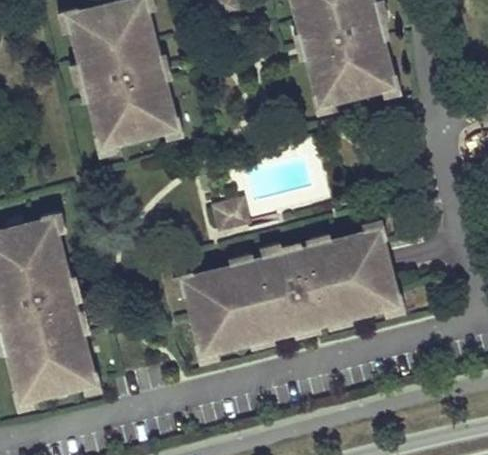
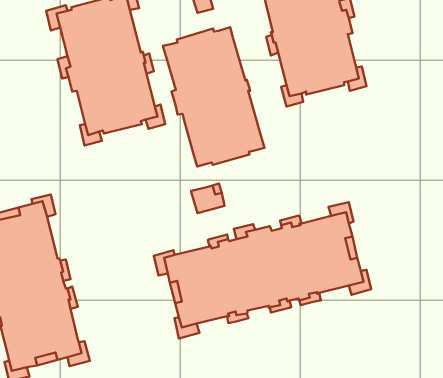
building: none -> [163,27,264,167]

